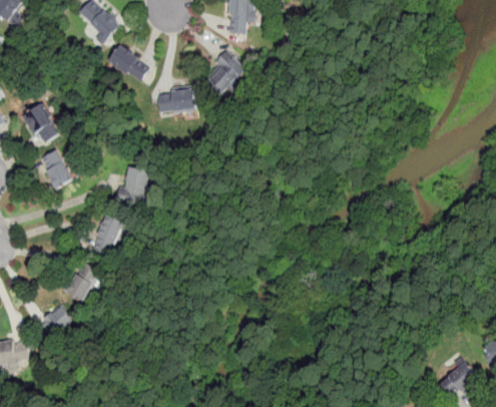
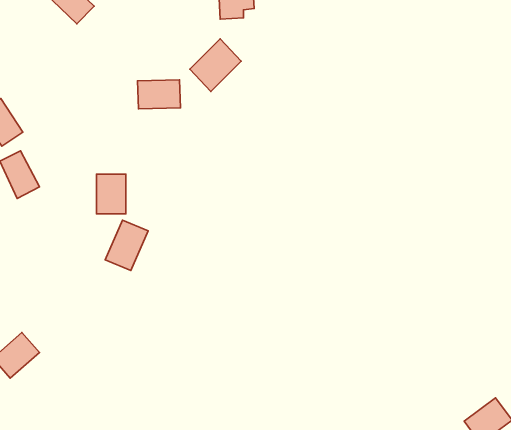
building: [107,42,150,82] -> none
building: [90,215,127,258] -> [105,220,148,270]
building: [61,260,99,303] -> none

